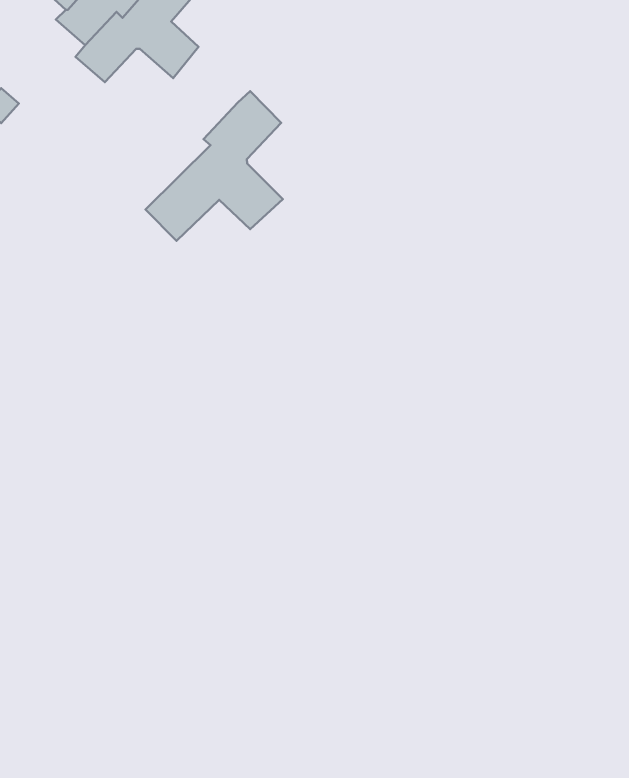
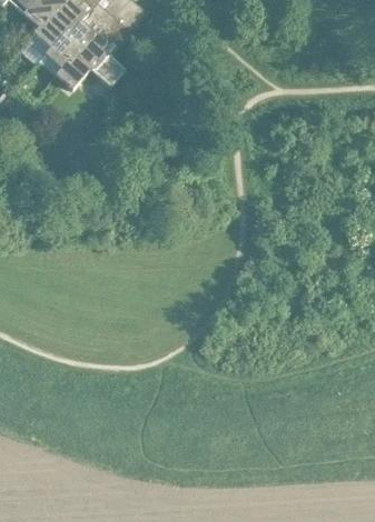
building: [146,91,283,241] -> none

